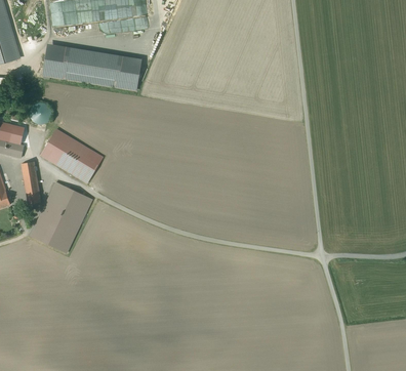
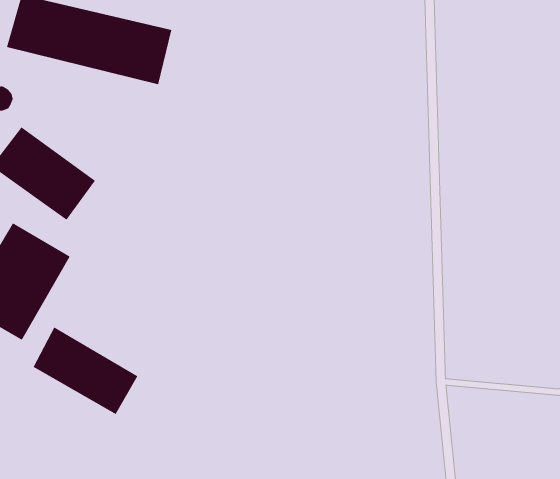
building: none -> [33,327,138,415]

